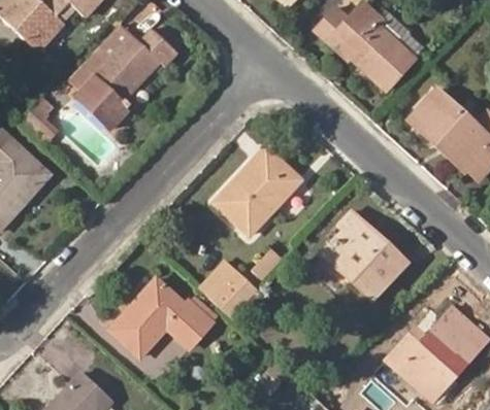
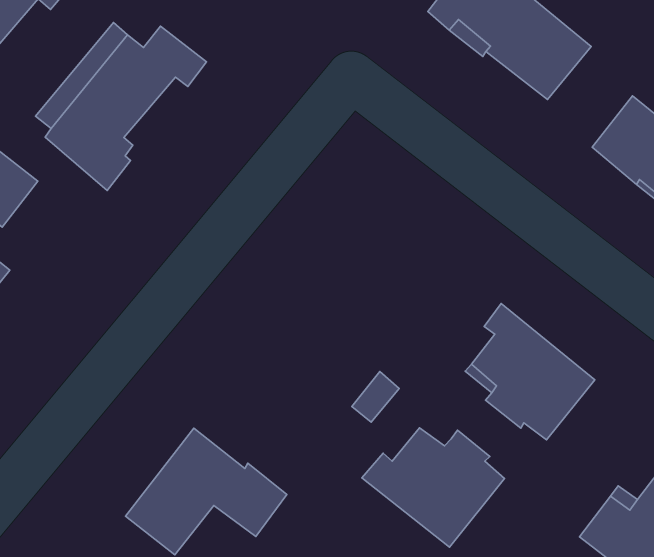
building: [218,148,298,232] -> none
building: [202,264,255,317] -> none
building: none -> [362,428,505,547]

